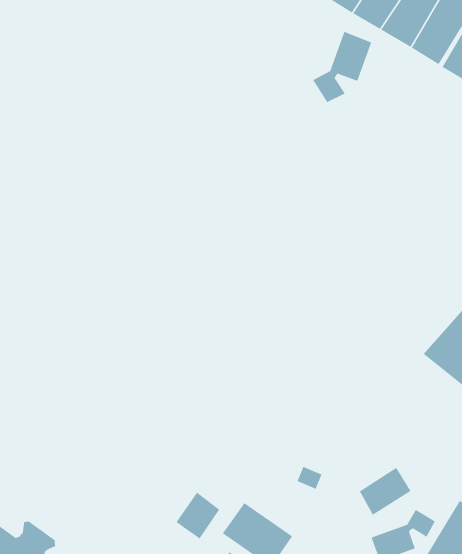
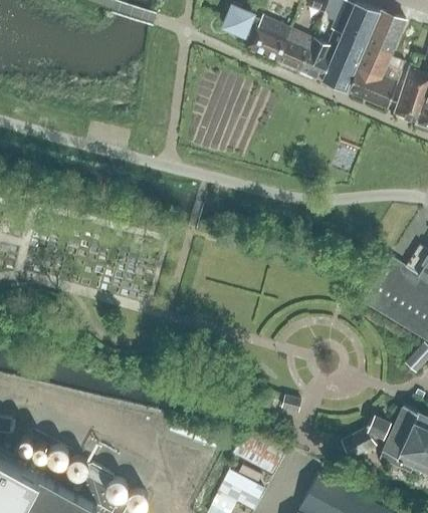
building: [312,31,372,103] -> none
building: [359,467,412,516] -> none
building: [176,492,220,539] -> none

